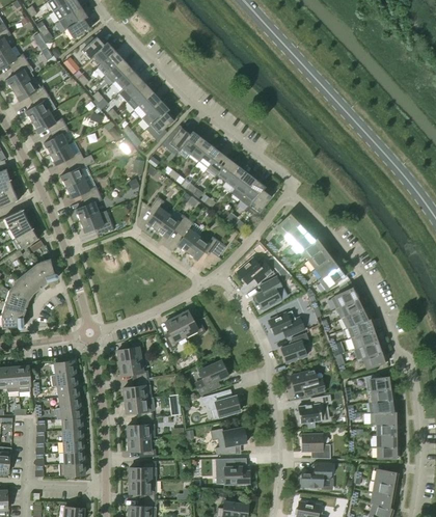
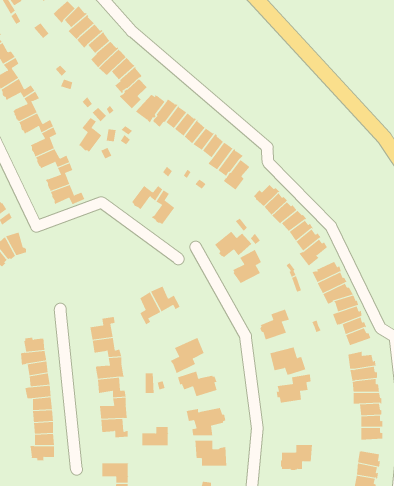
building: [146,197,169,232] -> [78,117,102,153]
building: [187,237,226,261] -> none
building: [268,314,304,336] -> none
building: [301,435,330,459] -> none
building: [129,462,156,481] -> [142,426,170,446]

